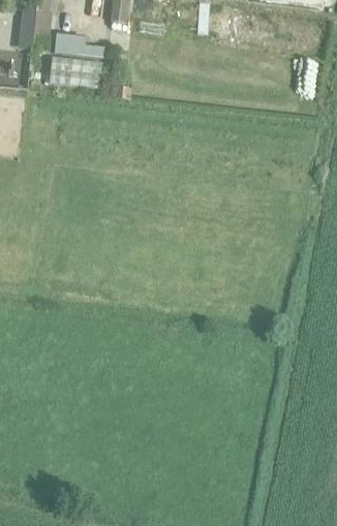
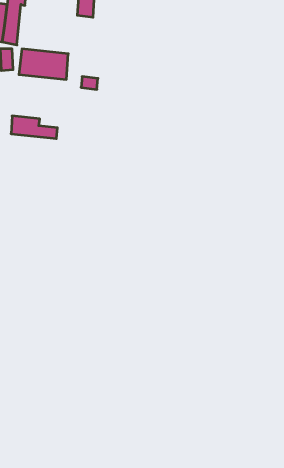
building: [53,31,101,55] -> [11,116,57,139]

